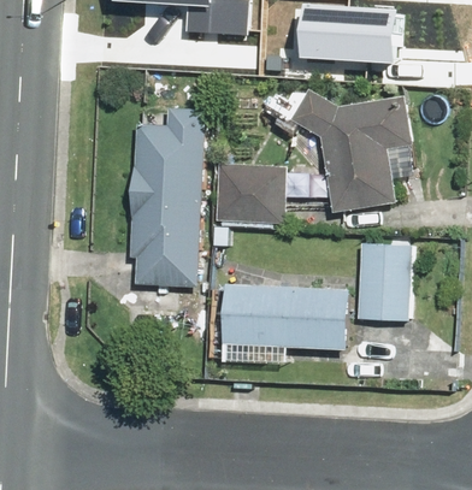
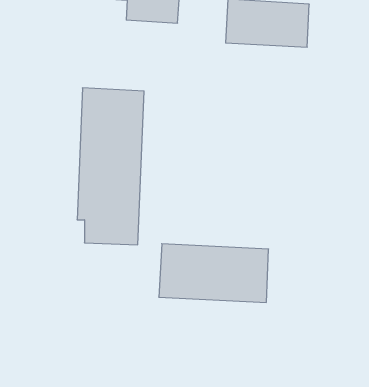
building: [291,90,413,213] -> none
building: [217,164,282,223] -> none
building: [356,242,414,321] -> none

